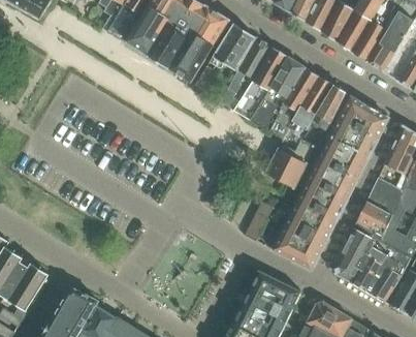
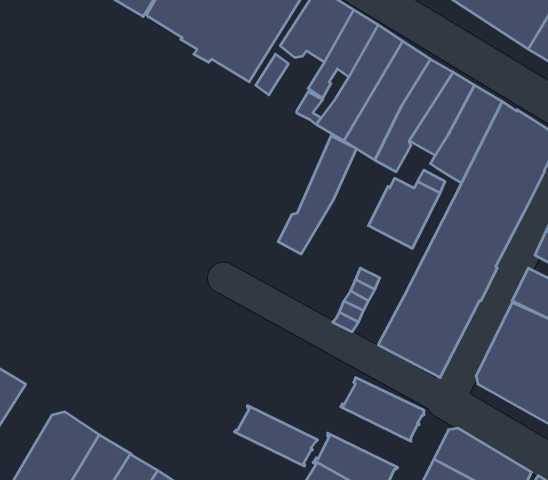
building: none -> [278,136,357,254]
building: [241,288,293,327] -> [234,406,318,466]

